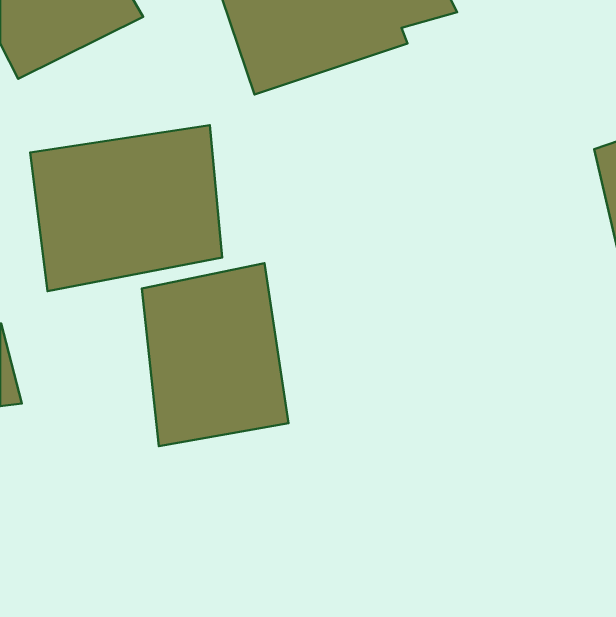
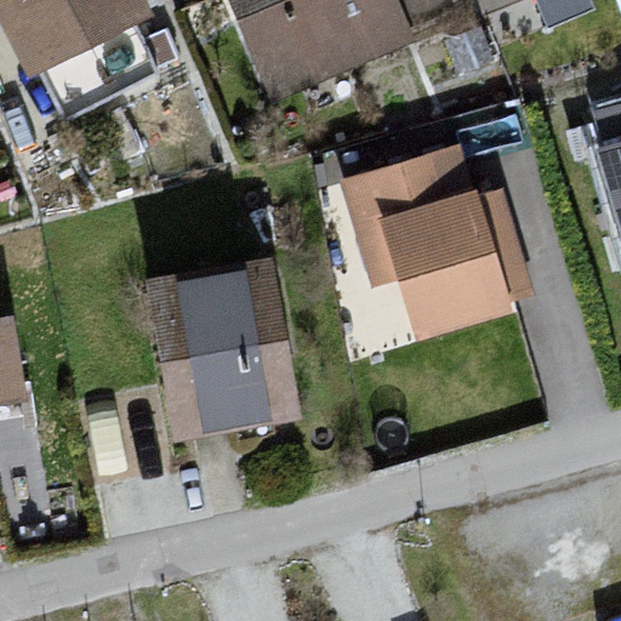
building: [30,125,222,291] -> none
building: none -> [349,141,537,334]

